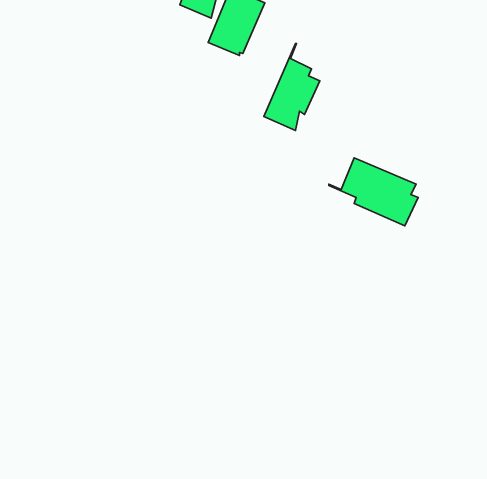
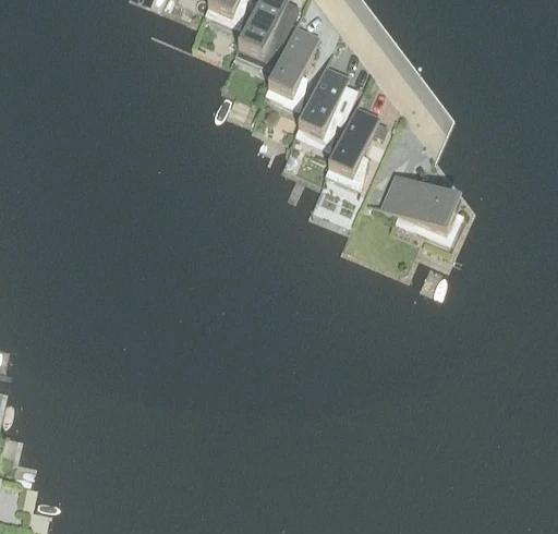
building: none -> [266,8,317,101]
building: none -> [327,88,378,182]

